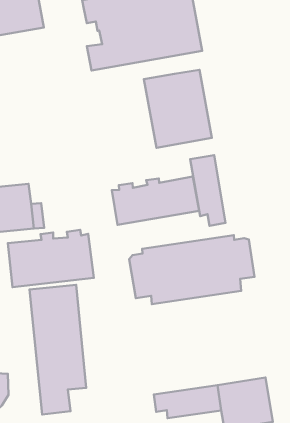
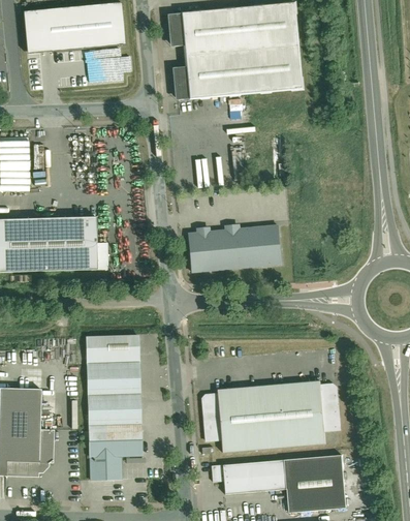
building: [144,70,212,148] -> none
building: [190,155,225,226] -> none
building: [8,230,94,287] -> none
building: [129,235,255,304] -> [201,378,341,449]

